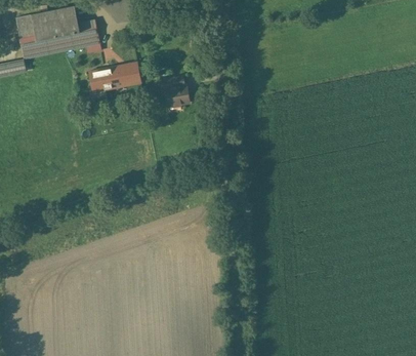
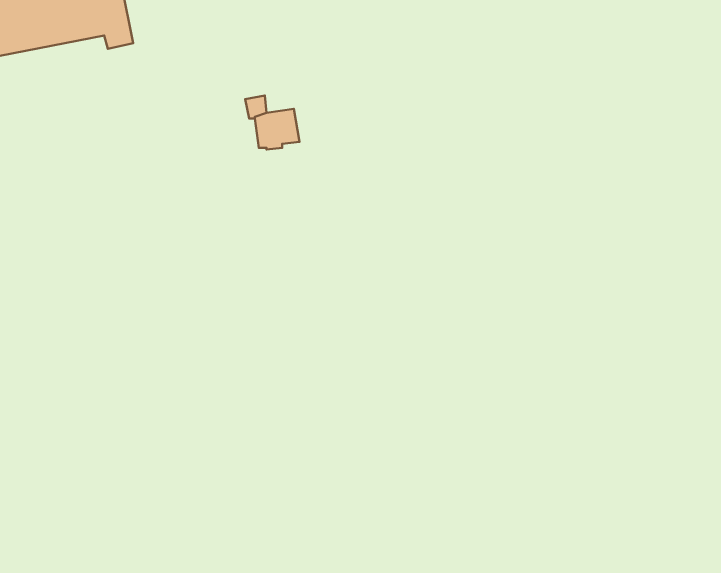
building: [89,62,140,104] -> none

